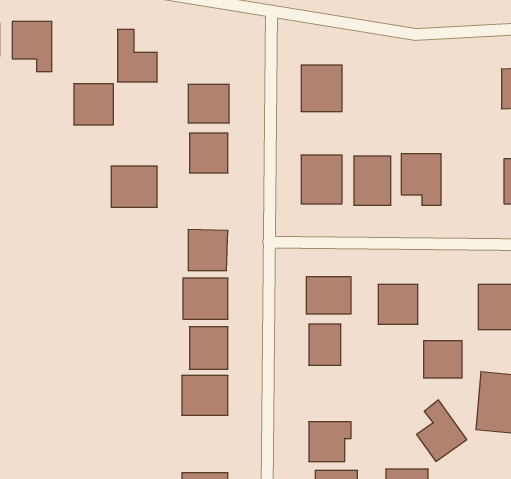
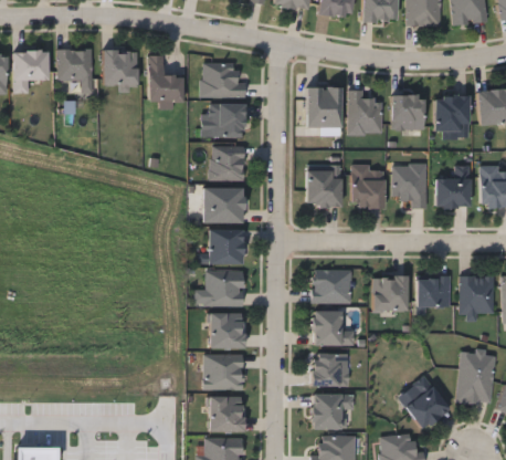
building: none -> [201,63,241,97]
building: none -> [349,90,382,135]
building: none -> [392,95,424,129]
building: none -> [435,95,468,132]
building: [74,84,113,125] -> [104,51,138,86]
building: none -> [436,166,471,208]
building: [111,166,157,207] -> [204,188,244,223]
building: [424,341,462,378] -> [417,276,450,309]
building: none -> [313,354,349,387]
building: none -> [210,397,244,432]

